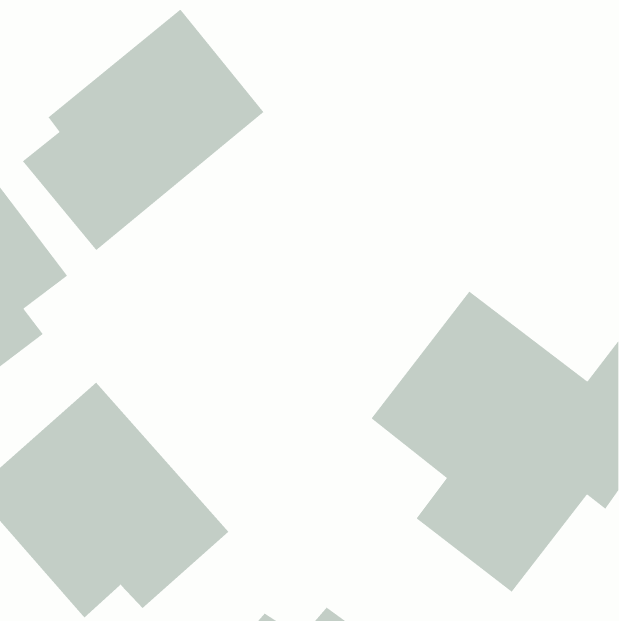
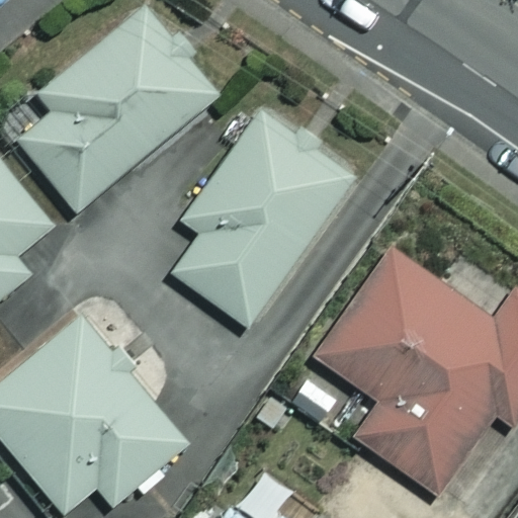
building: none -> [175,112,355,323]

